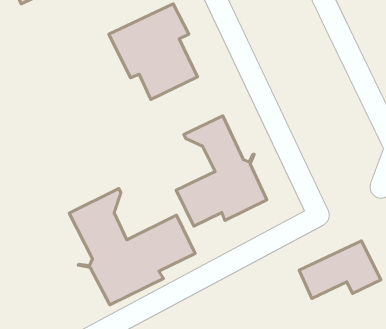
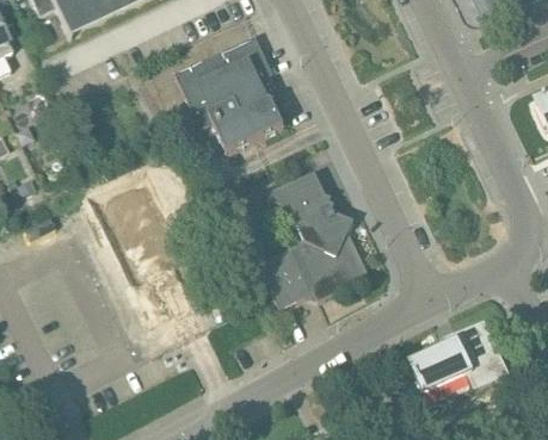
building: [69,189,195,305] -> none

